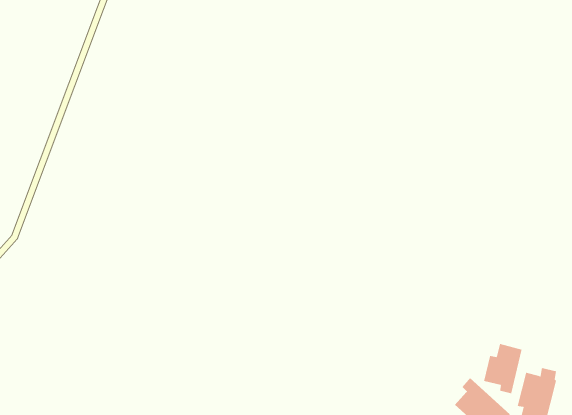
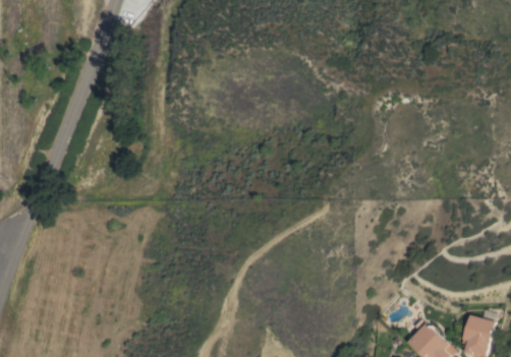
building: [483,343,522,394] -> none

